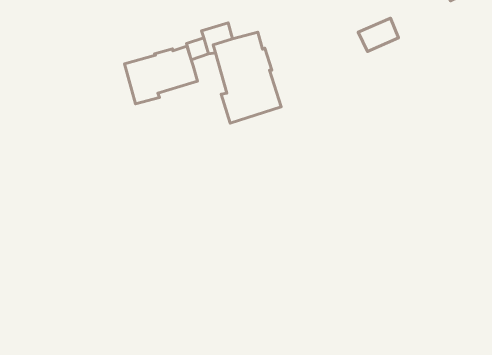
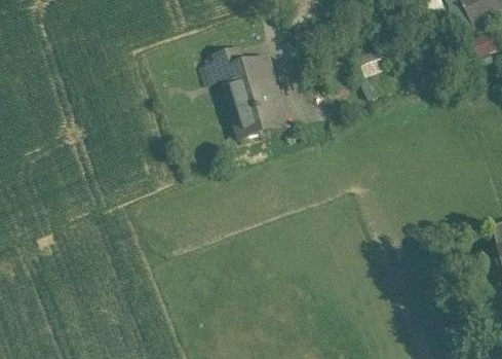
building: [125,46,198,104] -> none

